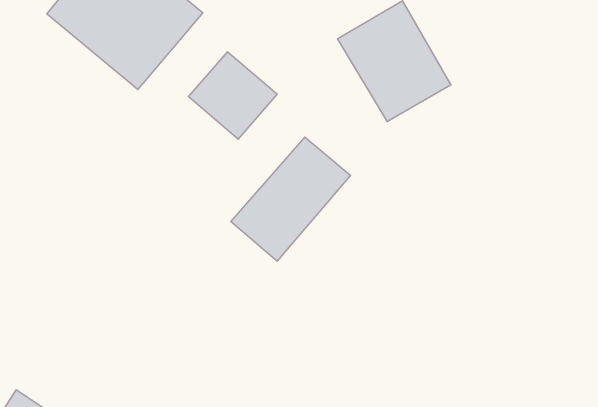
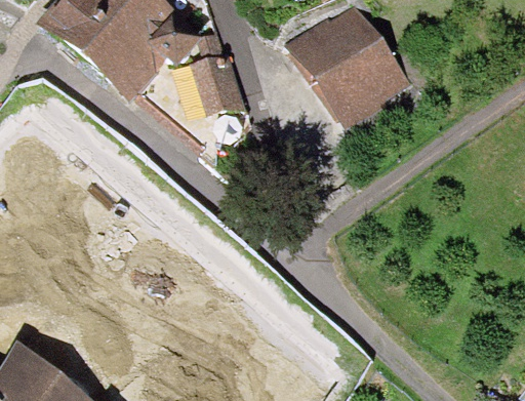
building: [231,137,350,261] -> none

